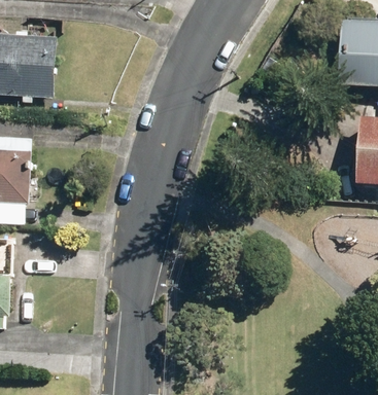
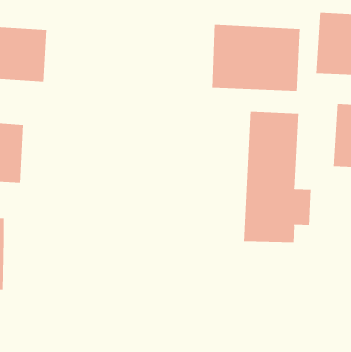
building: none -> [212,24,300,92]
building: none -> [244,111,311,243]

